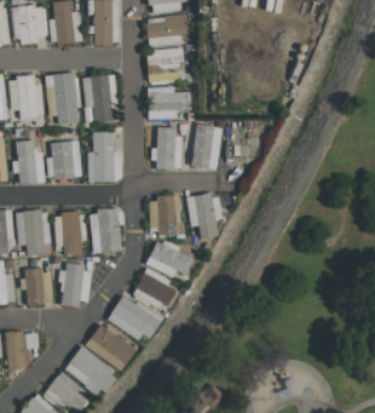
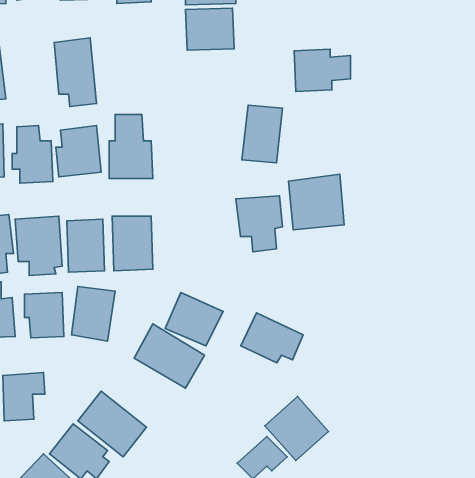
building: [10,75,44,117] -> none
building: [83,75,117,122] -> none
building: [148,86,191,119] -> [294,49,350,91]
building: [154,127,181,168] -> none
building: none -> [288,174,344,230]
building: [150,196,181,234] -> none
building: [145,239,194,277] -> [241,313,303,363]
building: [85,322,137,371] -> none
building: none -> [265,397,328,461]

